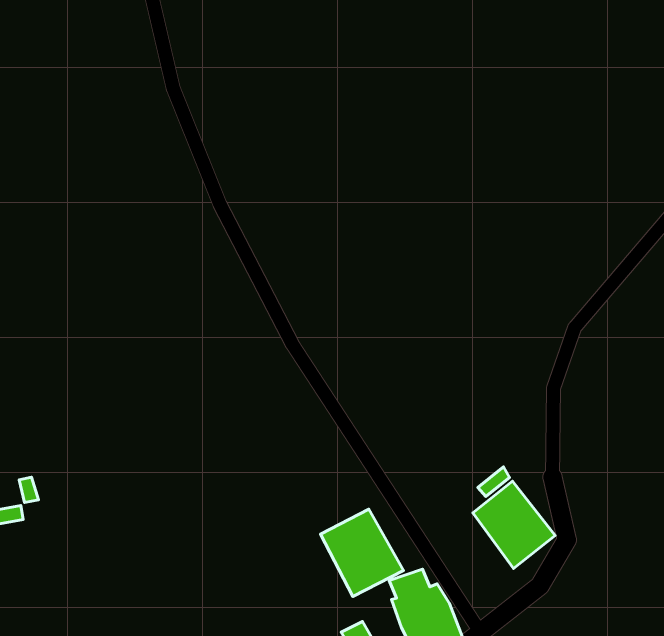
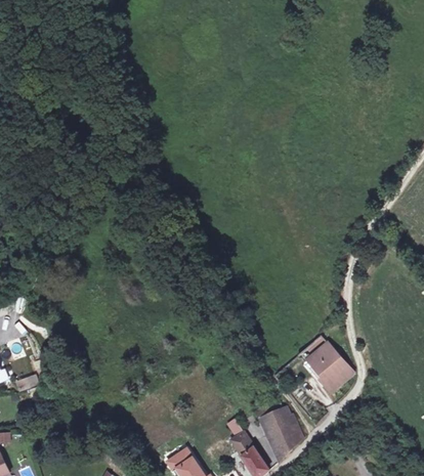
building: [320,509,403,596] -> none

